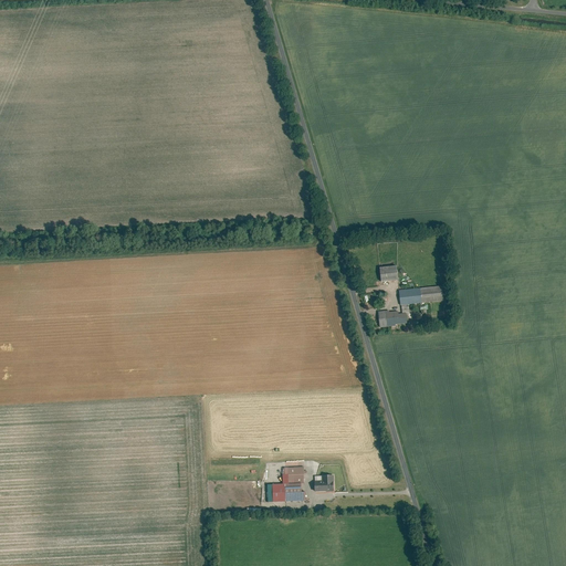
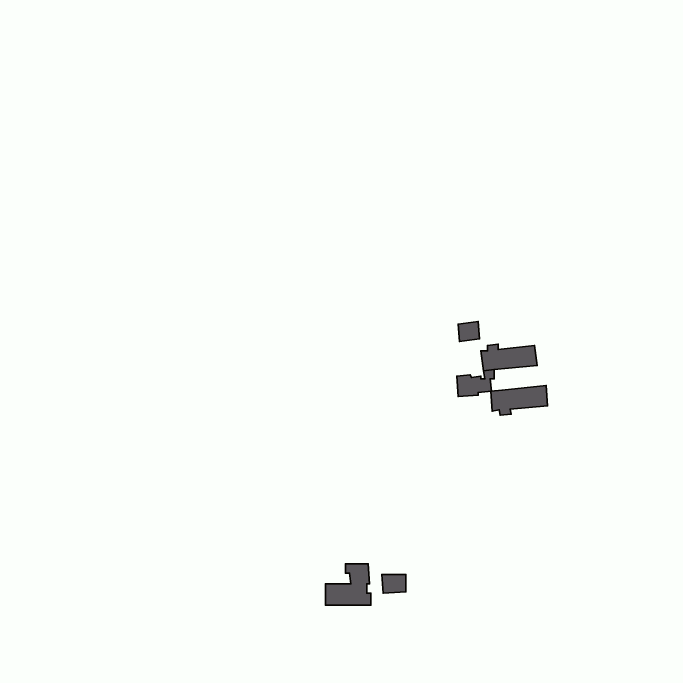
building: none -> [491,386,548,415]

